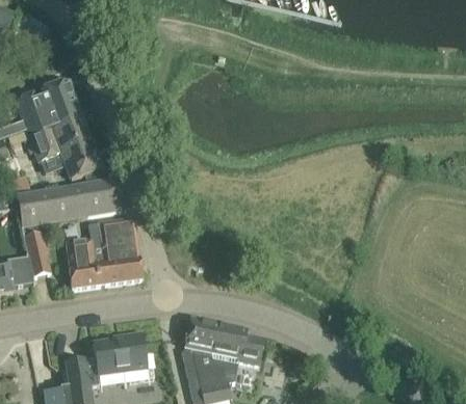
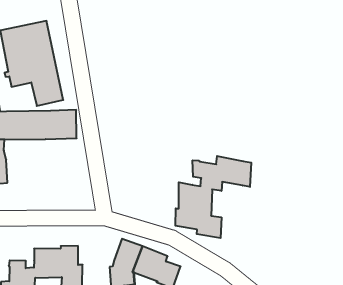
building: none -> [175,156,251,238]
building: [64,217,143,289] -> none

